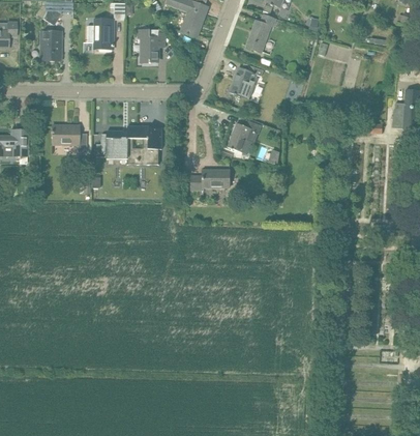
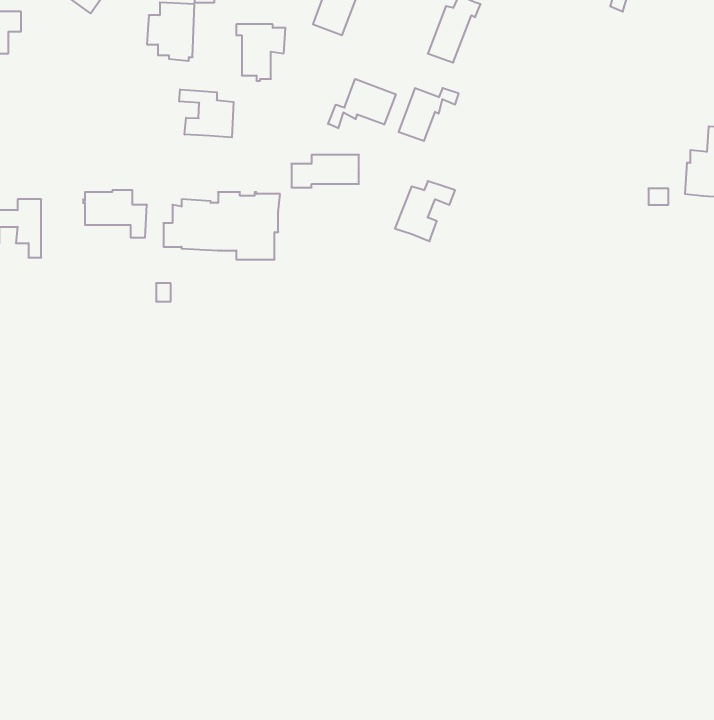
building: [40,30,61,60] -> none
building: none -> [328,79,396,128]
building: none -> [179,89,234,137]
building: [191,170,230,188] -> [291,155,359,187]

